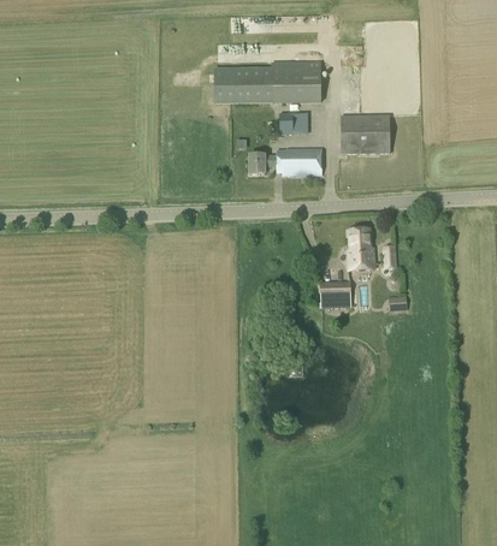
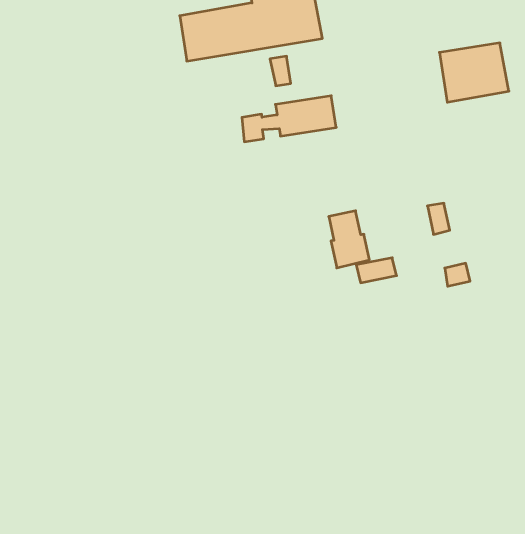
building: [342,114,391,154] -> [439,43,509,102]
building: [348,227,375,269] -> [329,211,369,268]

